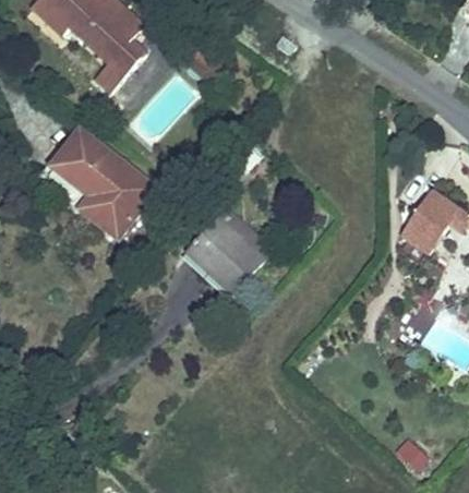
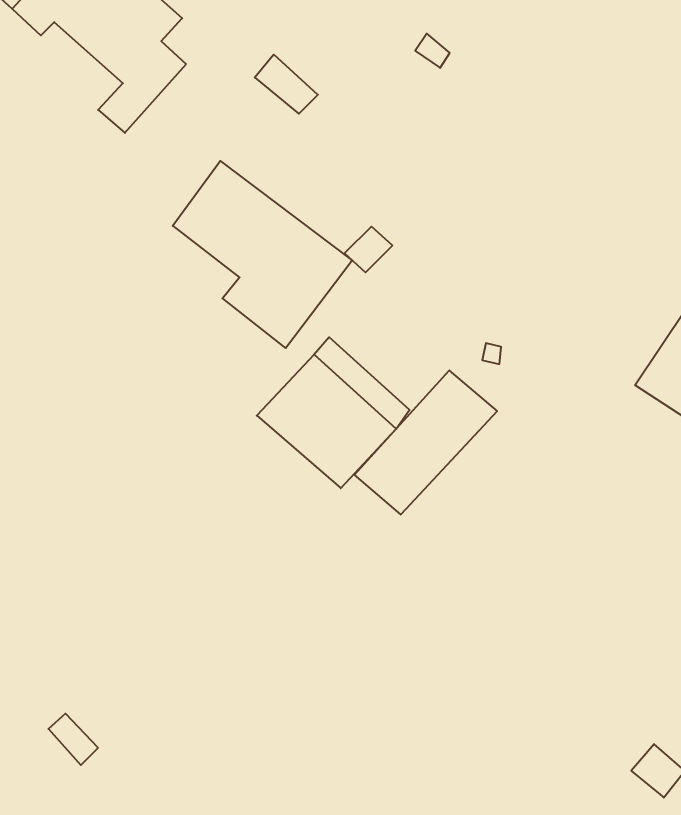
building: [51,129,154,236] -> [173,161,352,348]
building: none -> [355,370,497,515]

